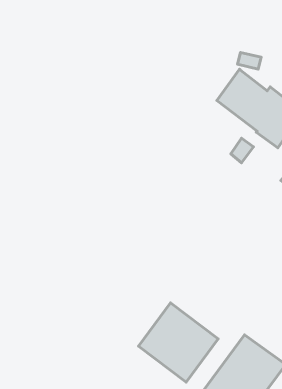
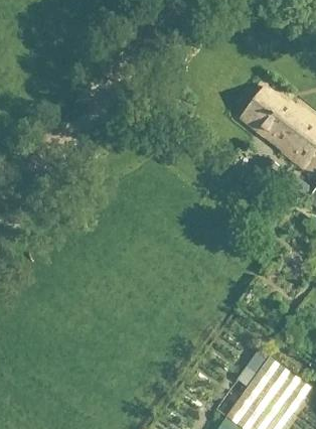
building: [138,303,218,382] -> none

